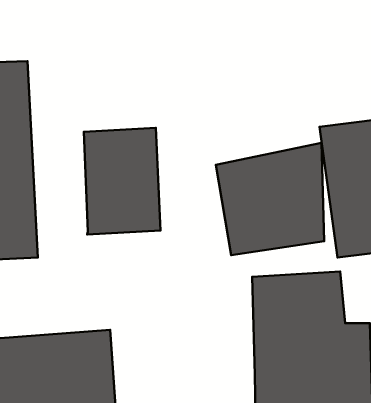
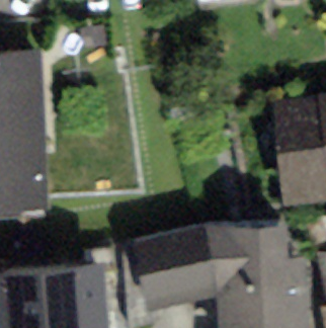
building: [84,128,160,235] -> none
building: [216,143,324,255] -> [133,223,218,311]

